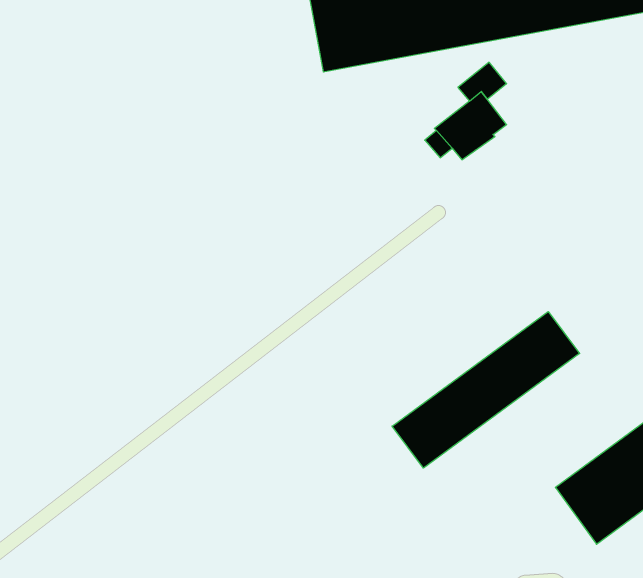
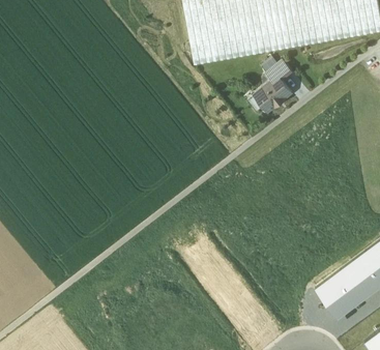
building: [392,312,580,468] -> none

